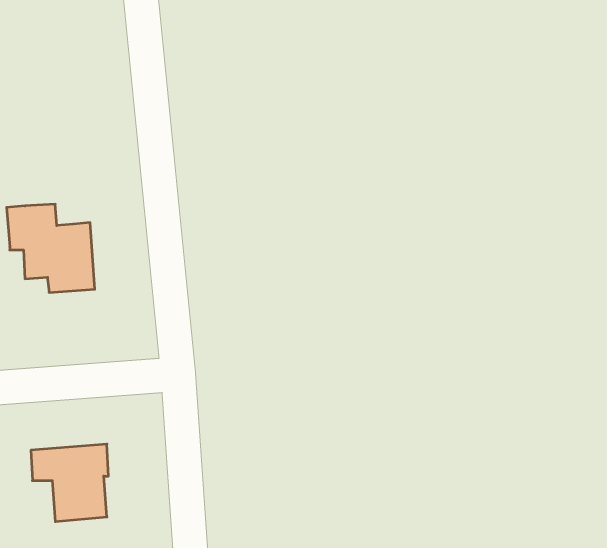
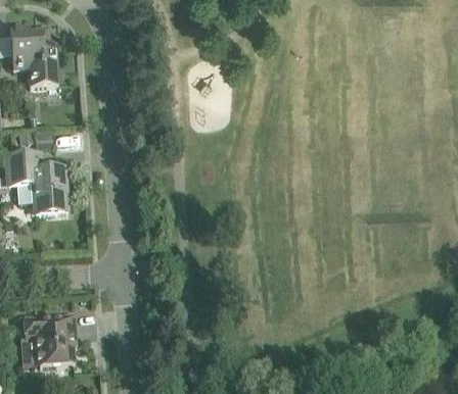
building: none -> [7,26,56,87]

